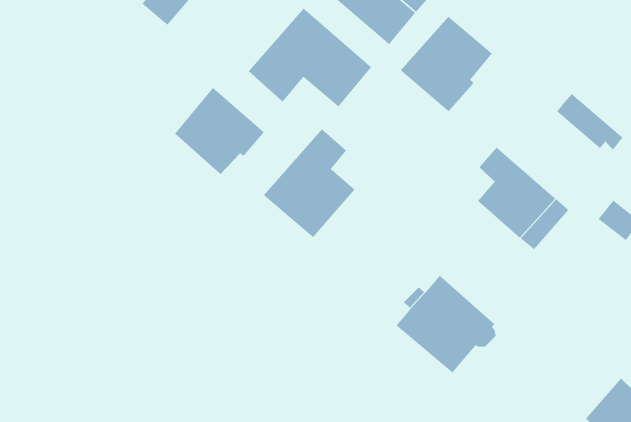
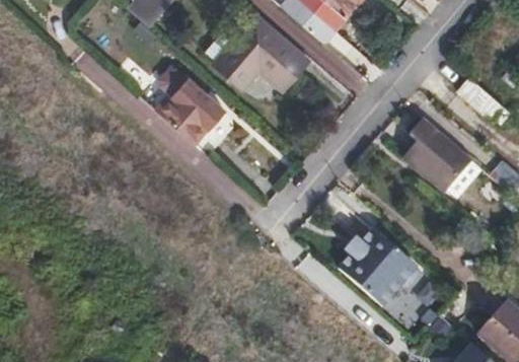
building: [400,16,493,112] -> none
building: [263,128,355,238] -> none

